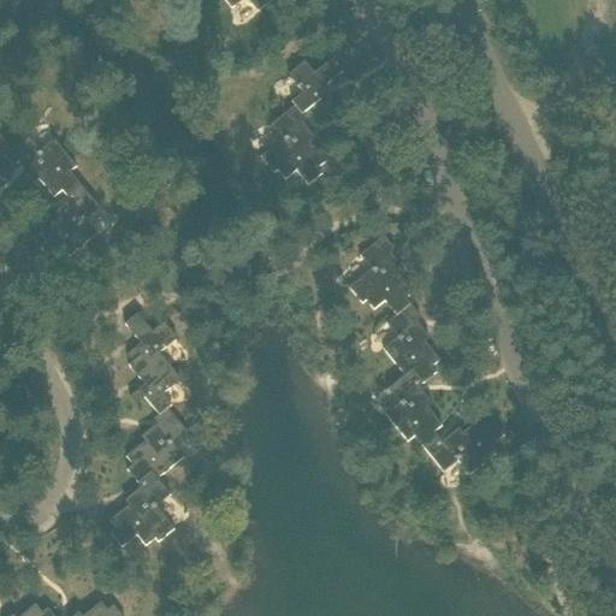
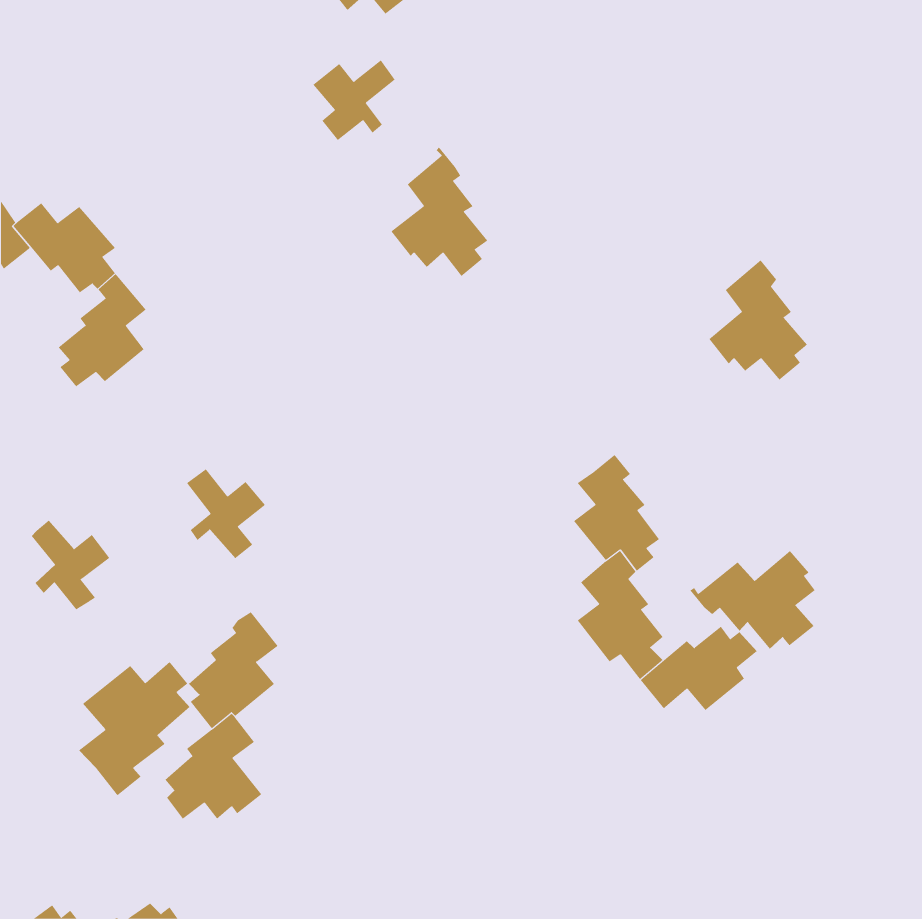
building: [288,57,343,111] -> [312,59,396,141]
building: [349,233,415,314] -> [709,259,808,381]
building: [129,353,182,413] -> [31,520,110,610]
building: none -> [690,550,816,650]
building: none -> [78,661,191,796]

